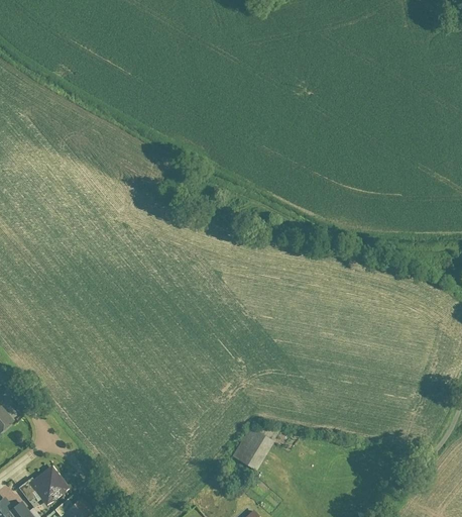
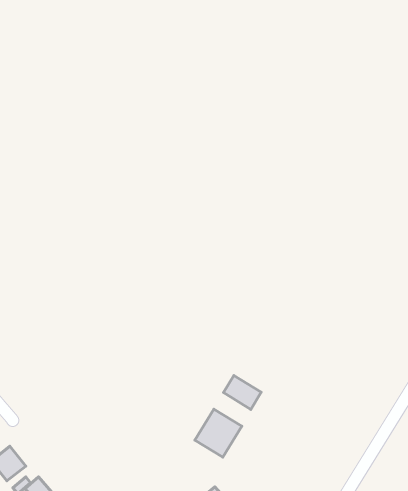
building: none -> [223,375,261,410]

